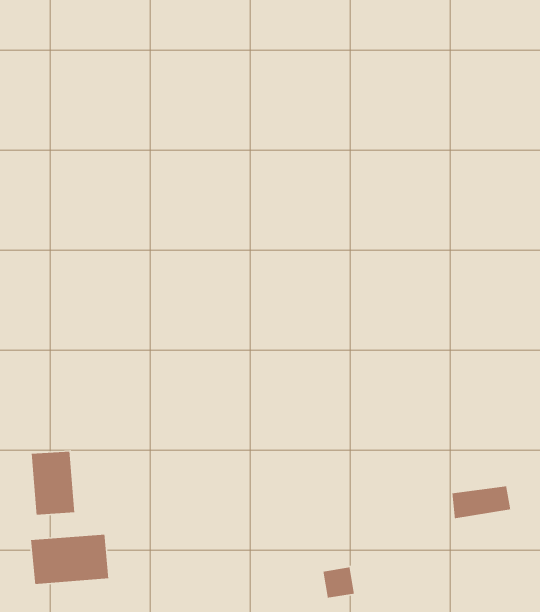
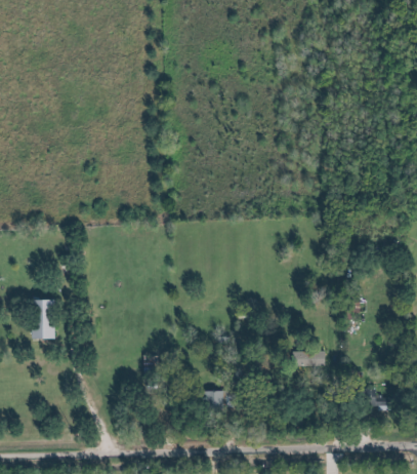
building: [30,534,109,585] -> none

